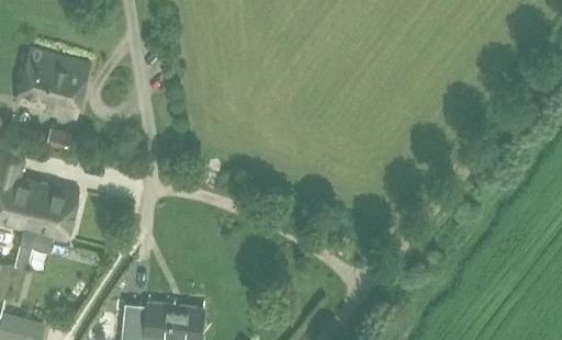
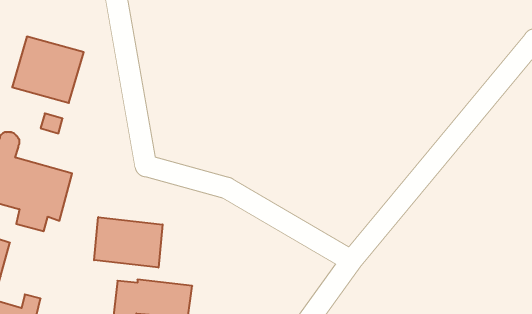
building: none -> [94,217,163,268]

